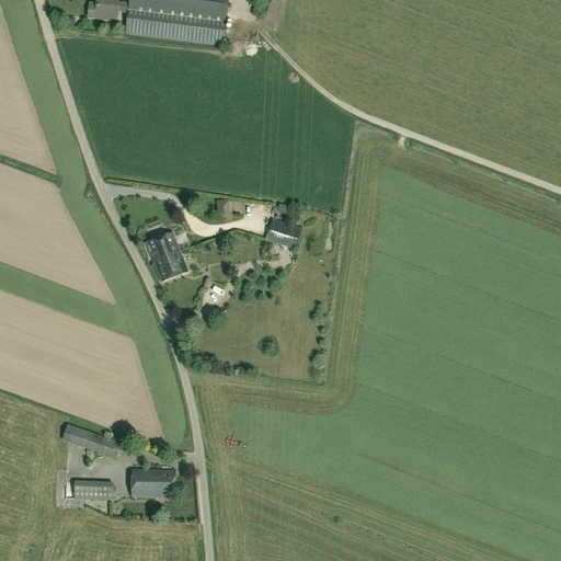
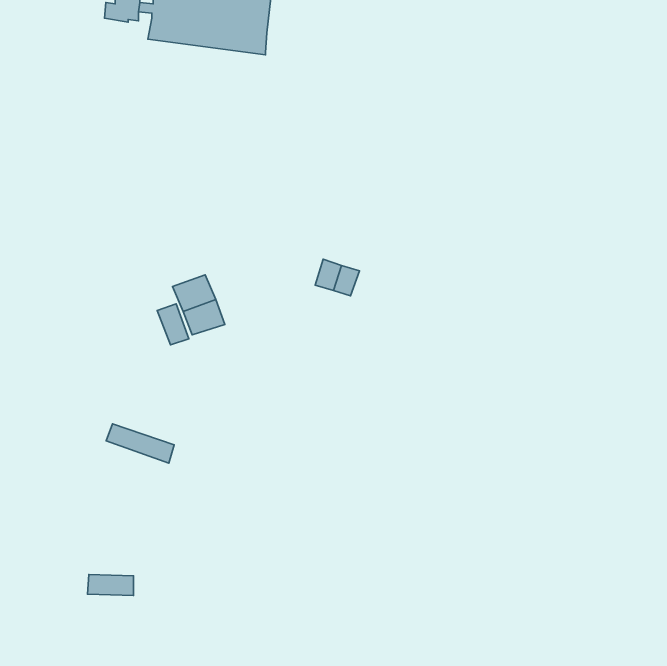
building: none -> [157,304,189,345]
building: [61,424,118,457] -> [106,424,174,463]
building: [130,468,174,496] -> none

